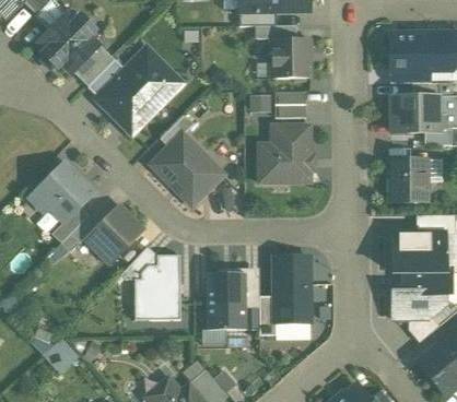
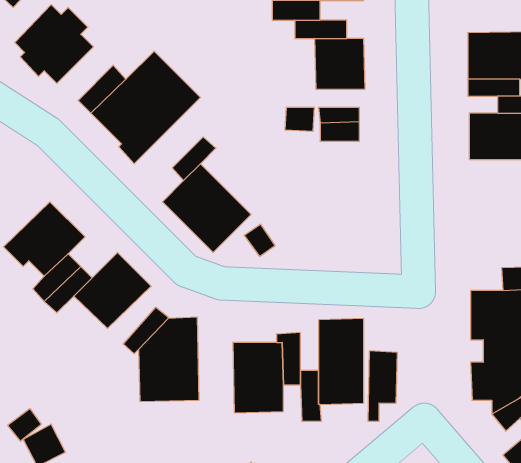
building: [72,45,114,86] -> none
building: [258,125,309,182] -> none
building: [390,158,424,202] -> none

